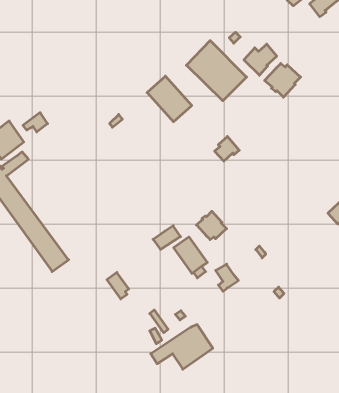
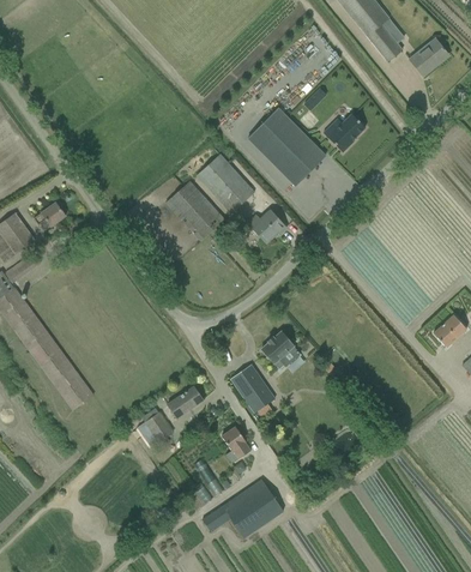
building: [265,63,301,97] -> none
building: none -> [165,181,224,241]
building: [215,136,239,161] -> [254,210,286,242]
building: [153,226,181,249] -> [168,386,204,417]
building: [216,264,238,291] -> [222,427,252,463]

